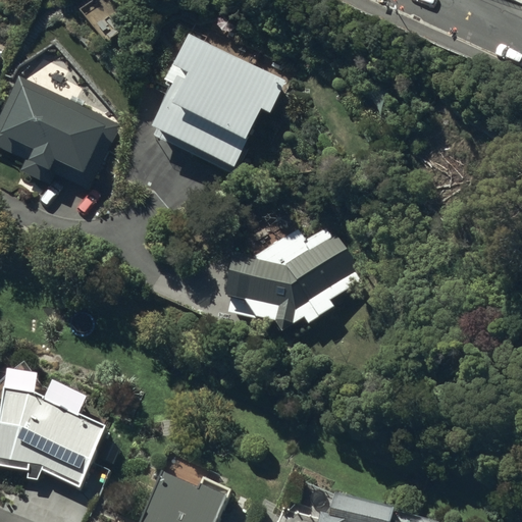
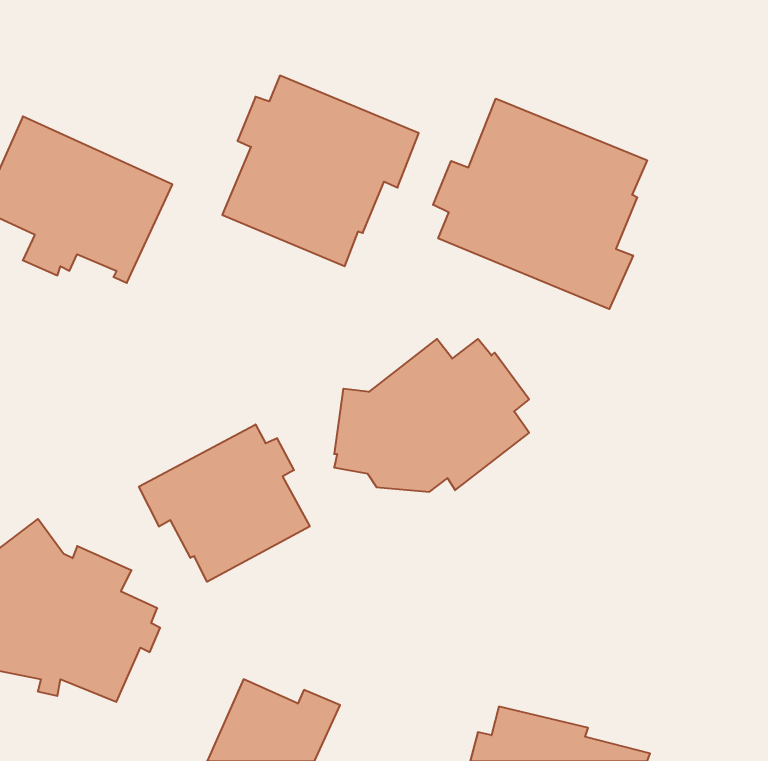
building: none -> [433,99,647,309]
building: none -> [139,424,310,582]

